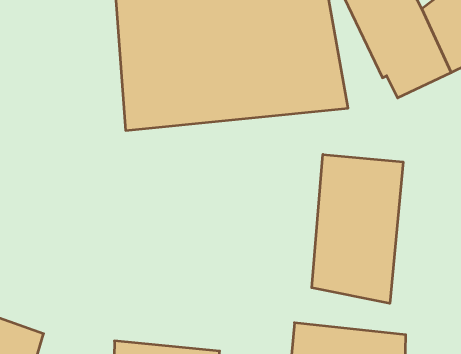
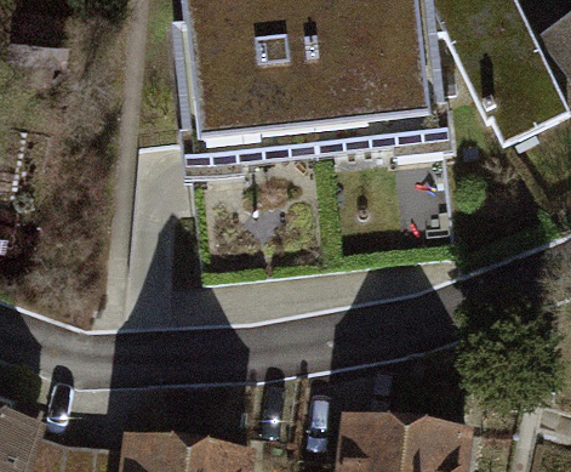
building: [312,154,403,303] -> none

